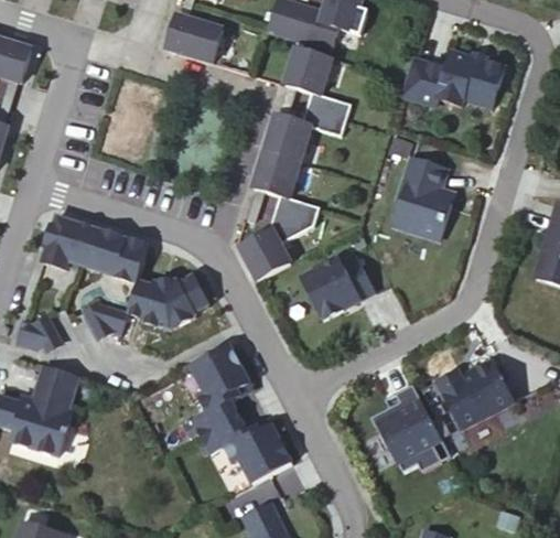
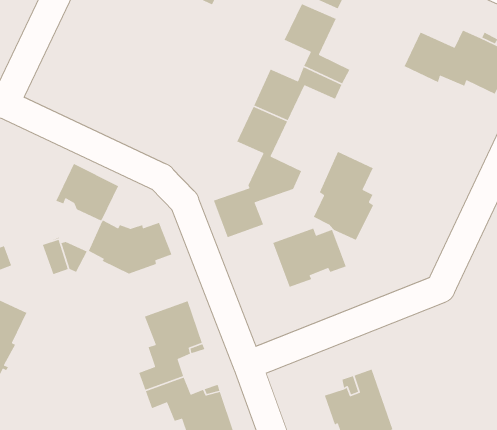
building: [396,157,452,239] -> [313,151,374,241]
building: [41,215,101,268] -> none
building: [437,361,513,428] -> none

